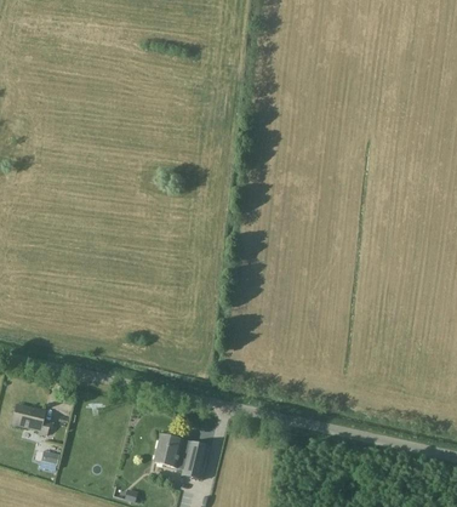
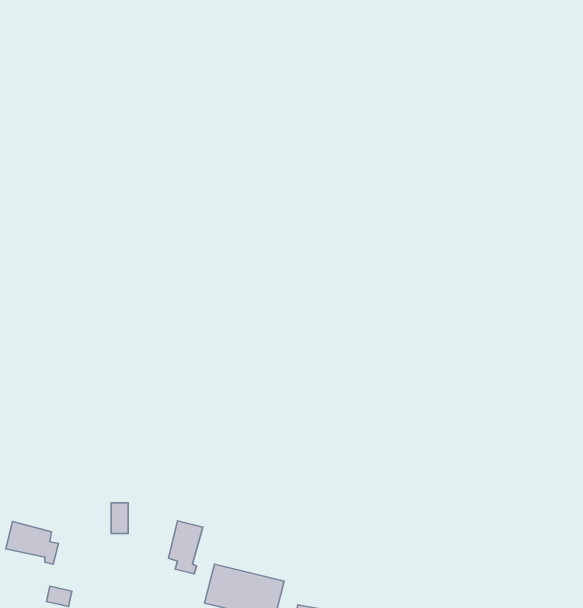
building: none -> [169,521,203,574]

